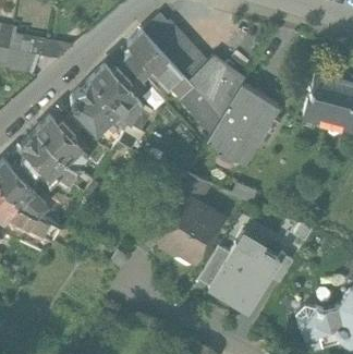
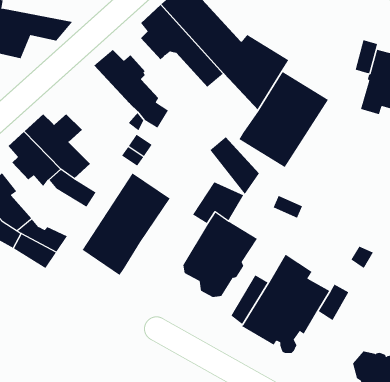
building: [71,81,119,133] -> none
building: [181,87,221,134] -> [209,137,260,195]
building: none -> [82,172,170,276]

